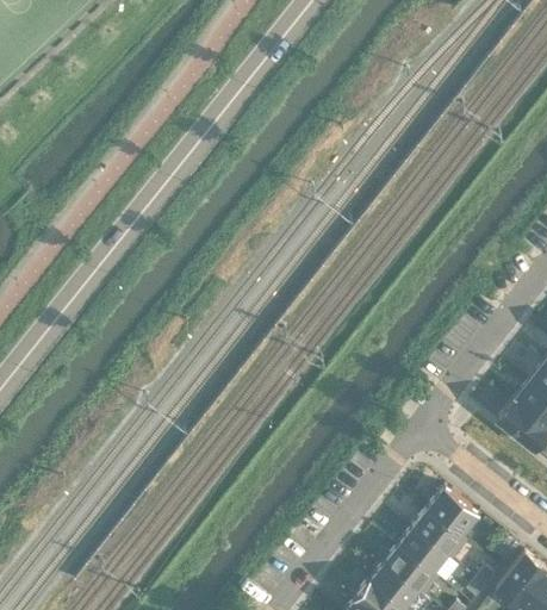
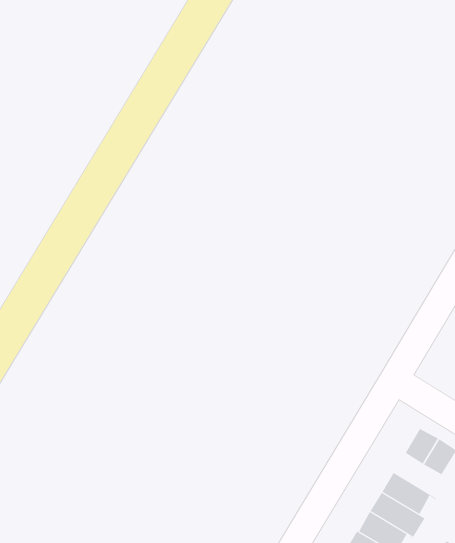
building: [410,512,465,562] -> none

